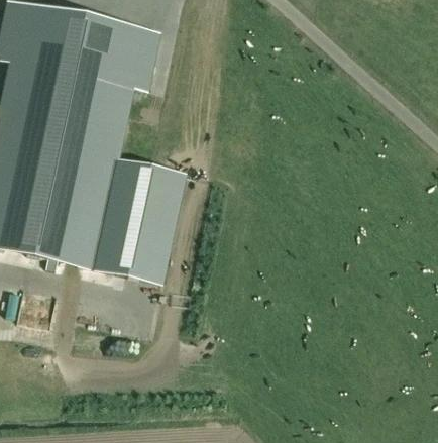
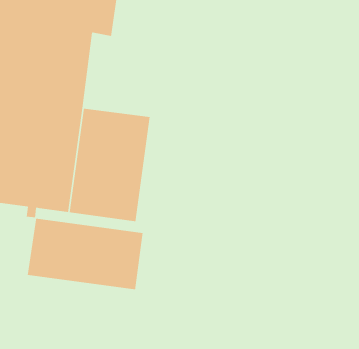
building: none -> [27,218,143,290]

